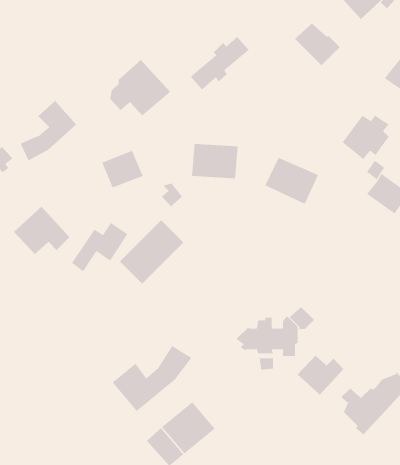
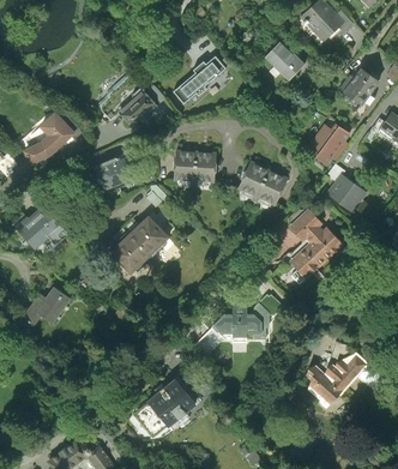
building: none -> [291,210,340,276]
building: [71,222,128,272] -> [18,288,68,332]
building: [112,345,192,412] -> none
building: [297,355,344,395] -> none

